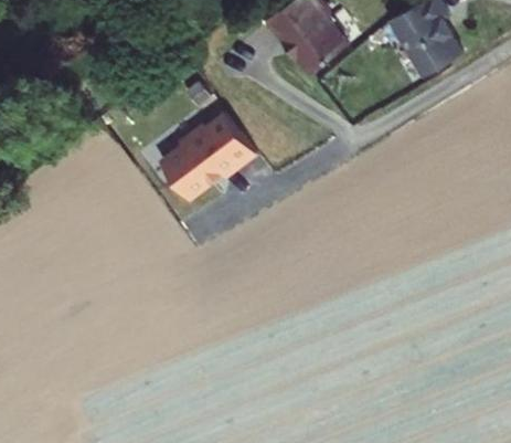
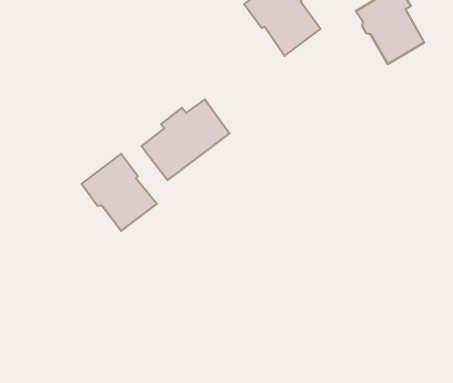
building: none -> [82,154,157,231]

